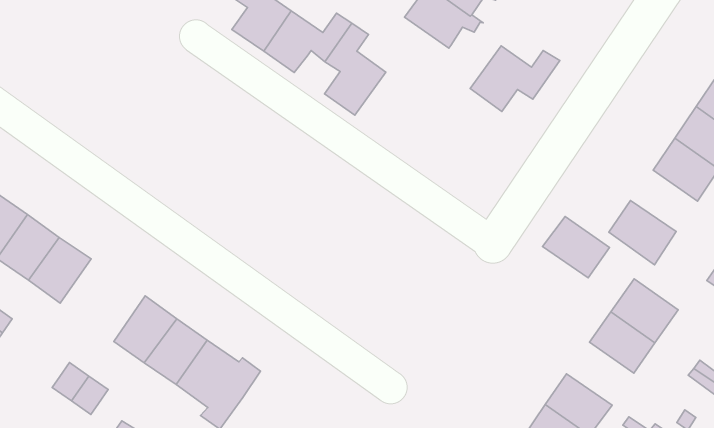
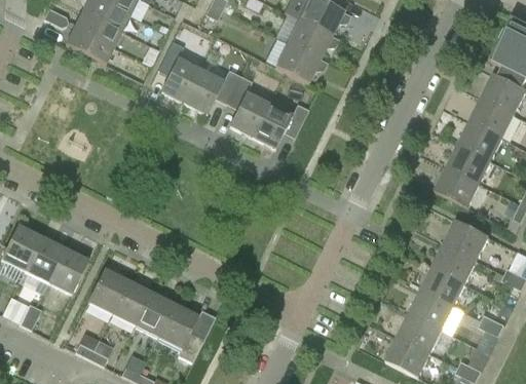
building: [470,46,560,111] -> [252,104,309,149]
building: [542,216,609,278] -> [446,144,491,183]
building: none -> [87,268,128,313]
building: none -> [420,266,465,306]

